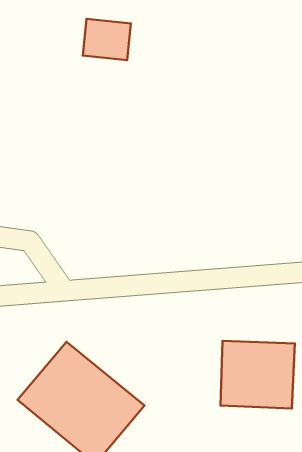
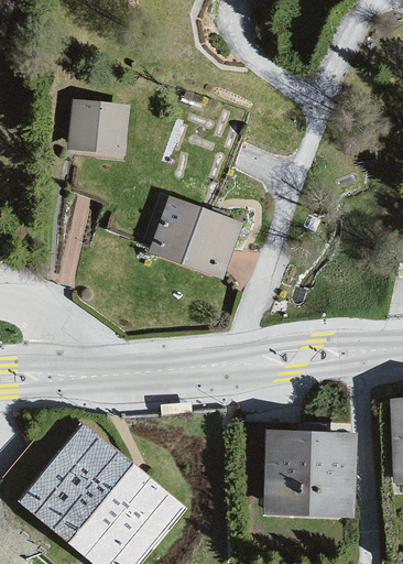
building: [83,19,131,60] -> [70,104,127,152]
building: none -> [154,202,237,273]

